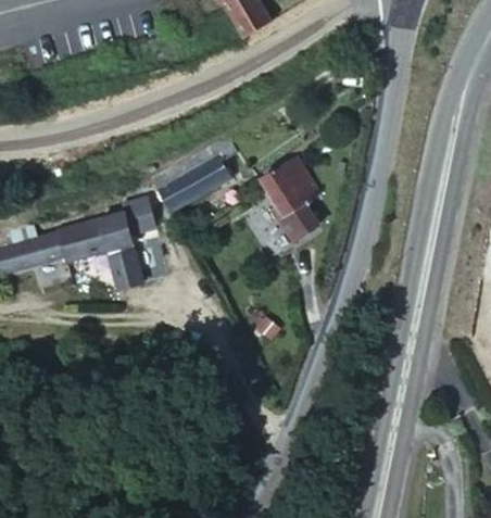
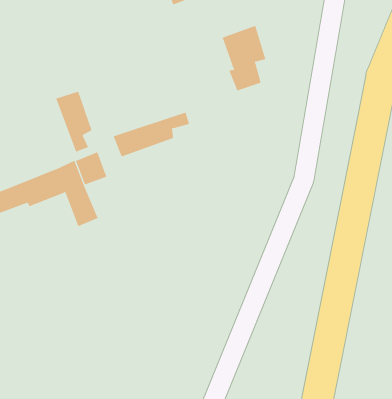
building: none -> [55,91,92,153]
building: [260,165,311,241] -> [222,25,266,91]

